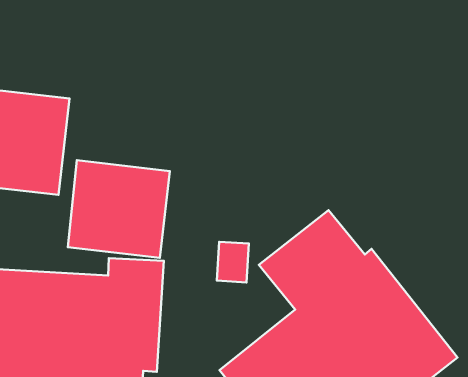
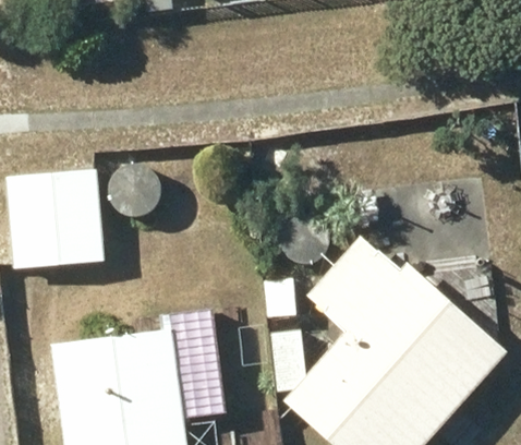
building: [68,160,170,258] -> none

